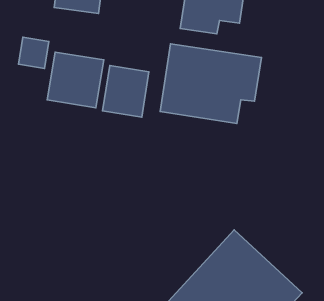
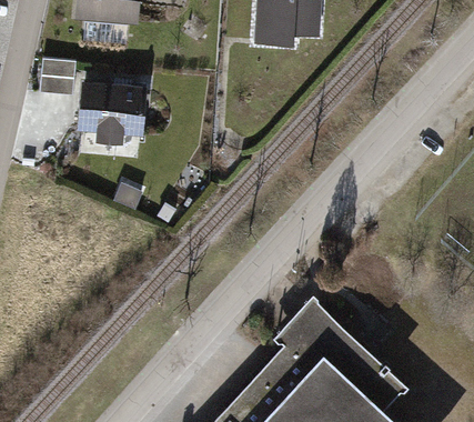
building: [160,44,261,124] -> none
building: [103,65,149,117] -> none

